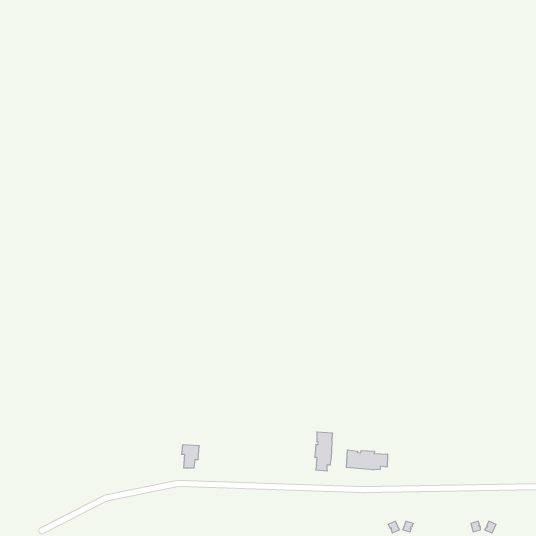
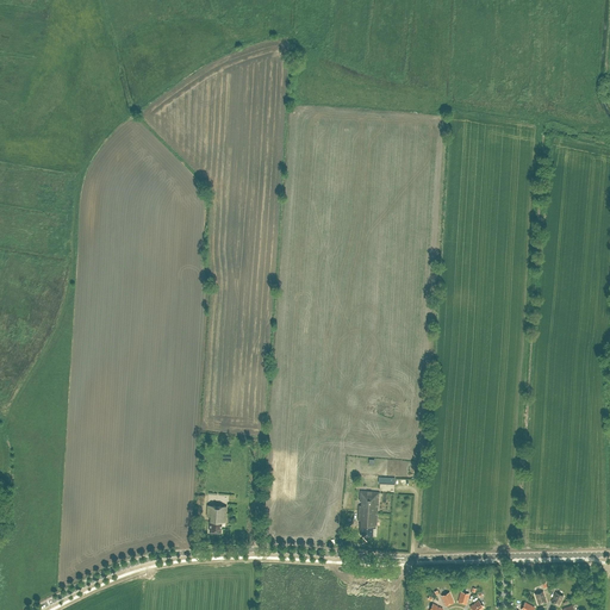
building: [346,450,388,470] -> none

